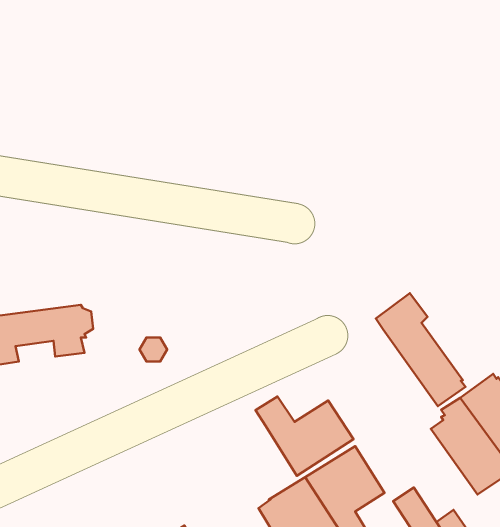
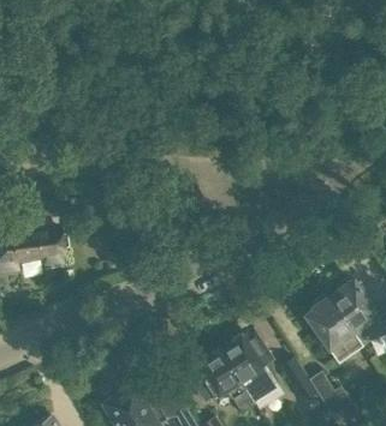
building: [376,293,465,406] -> none
building: [256,396,353,476] -> none

